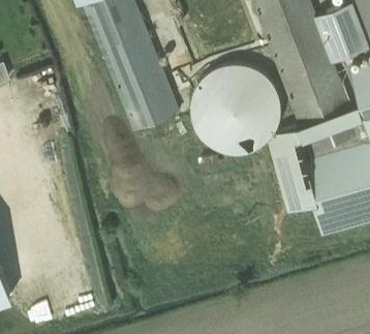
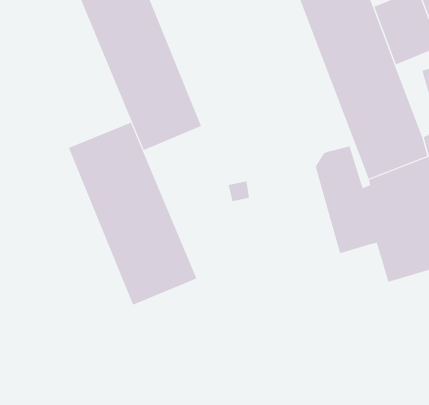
building: [189,61,281,153] -> none
building: none -> [68,122,197,305]

